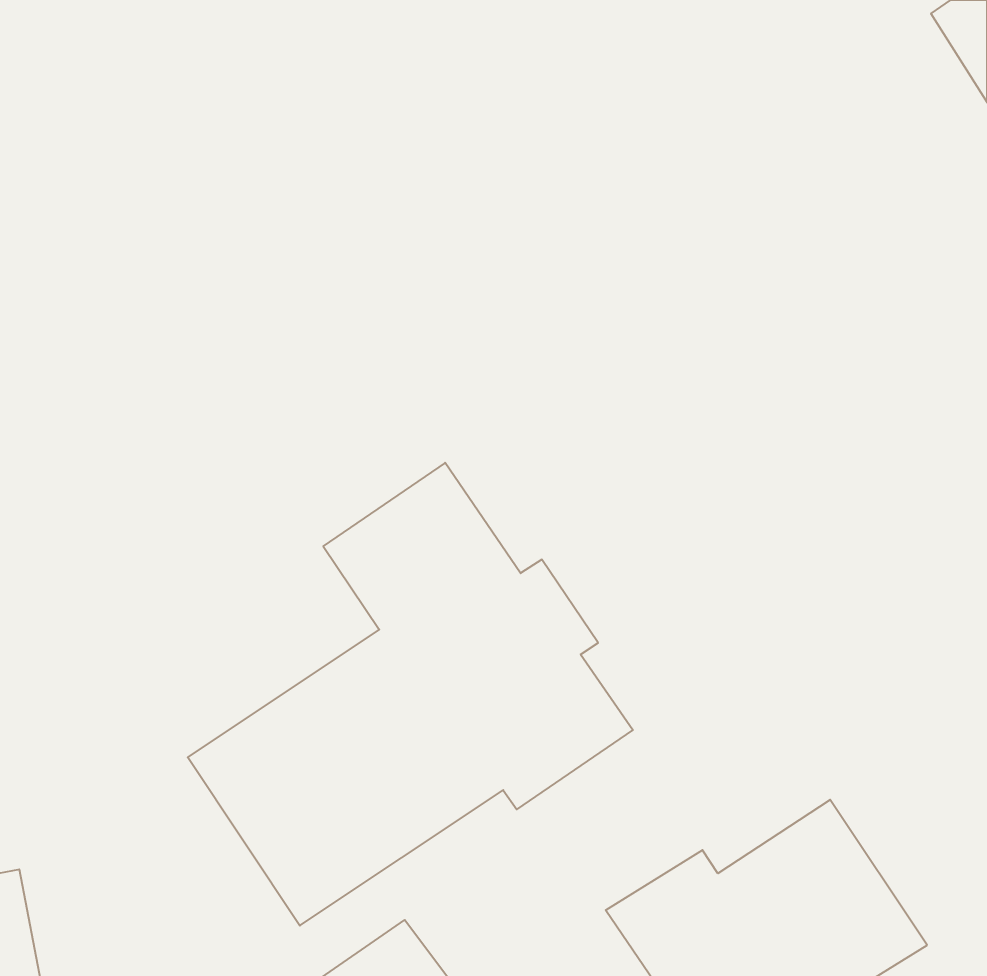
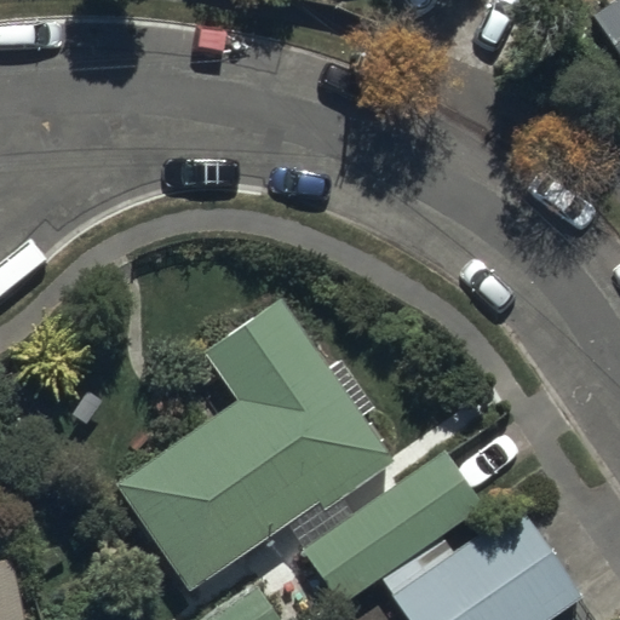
building: none -> [302,455,484,605]

